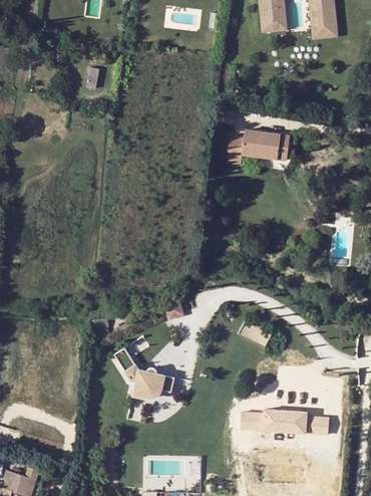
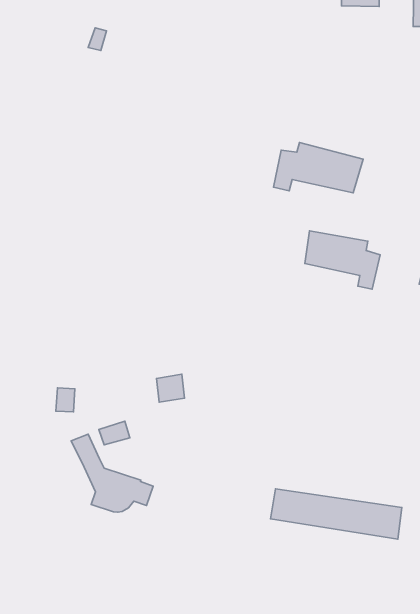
building: none -> [305,231,380,289]
building: [242,409,331,433] -> [270,489,402,539]

